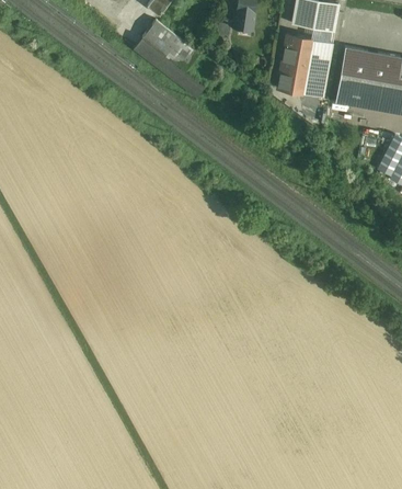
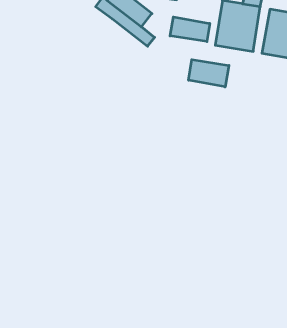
building: none -> [170,17,210,42]
building: none -> [189,60,229,87]

